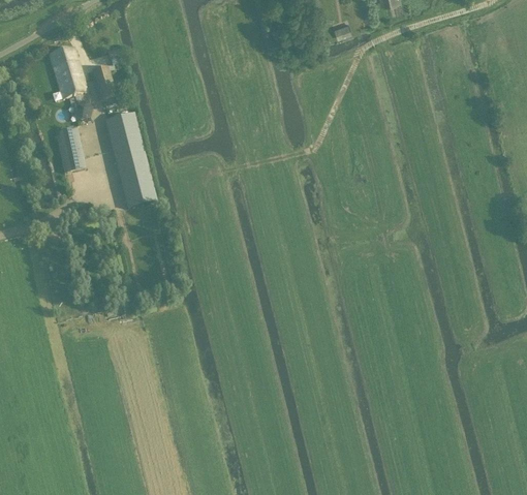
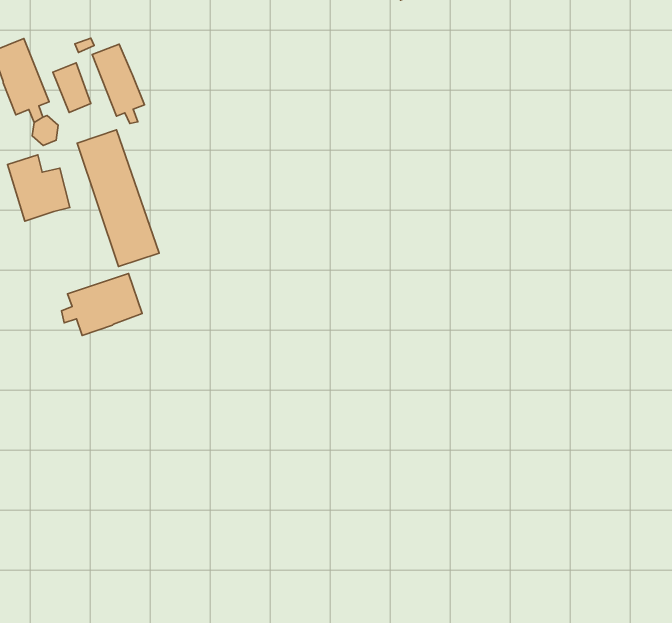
building: none -> [92,44,144,123]
building: none -> [62,273,142,335]

